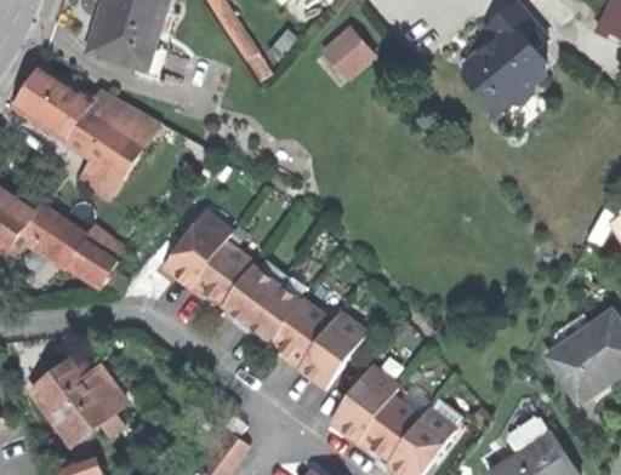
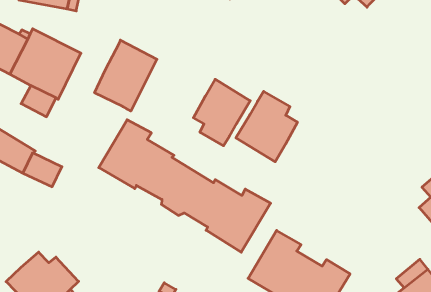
building: none -> [95,40,157,111]
building: none -> [193,79,250,146]
building: none -> [236,91,297,162]

